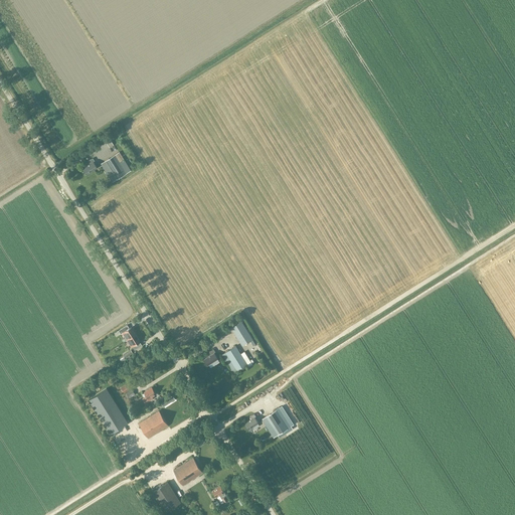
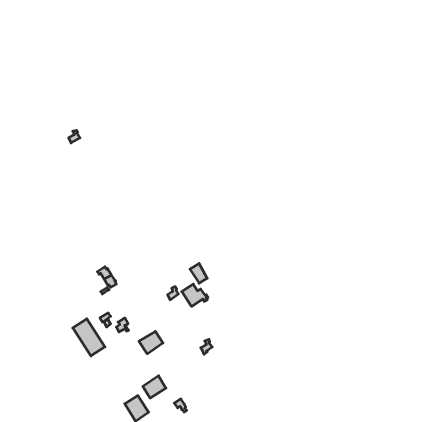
building: [101,153,131,182] -> none
building: [263,407,292,438] -> none
building: [139,411,168,439] -> [139,331,163,354]

